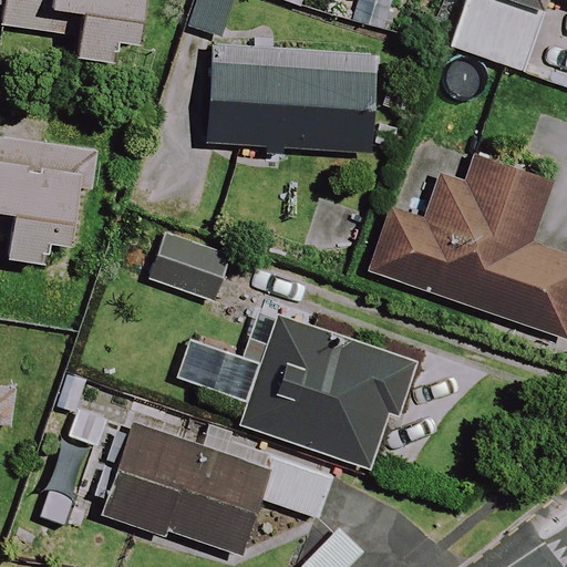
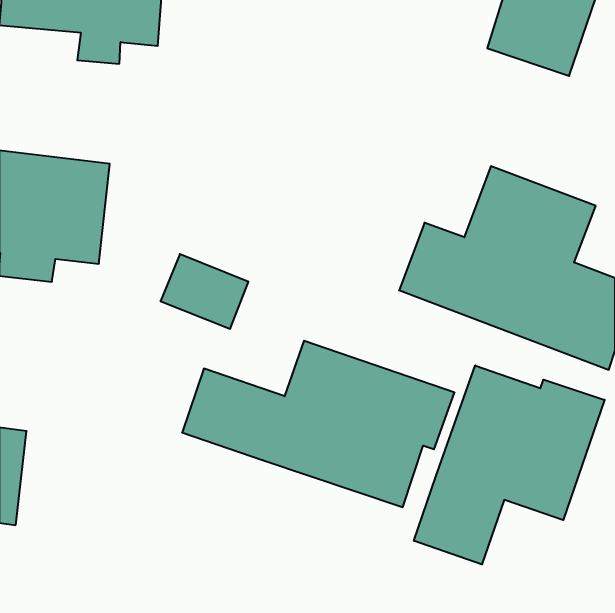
building: [206,50,377,151] -> none
building: none -> [414,365,605,564]
building: [104,427,332,555] -> none

